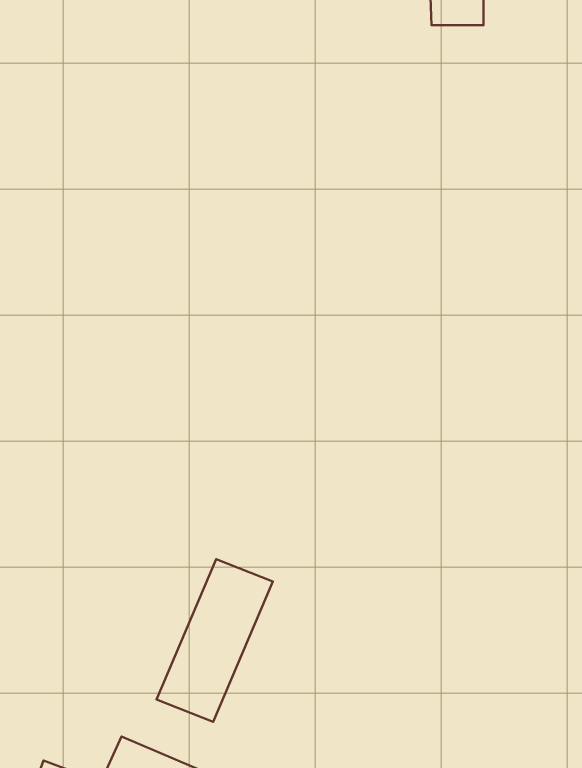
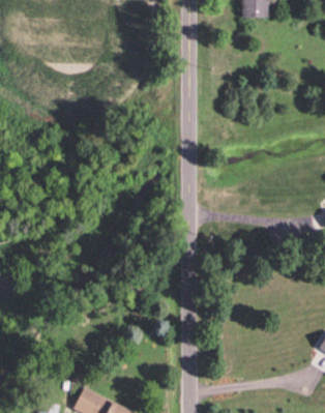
building: [156,559,273,722] -> none

